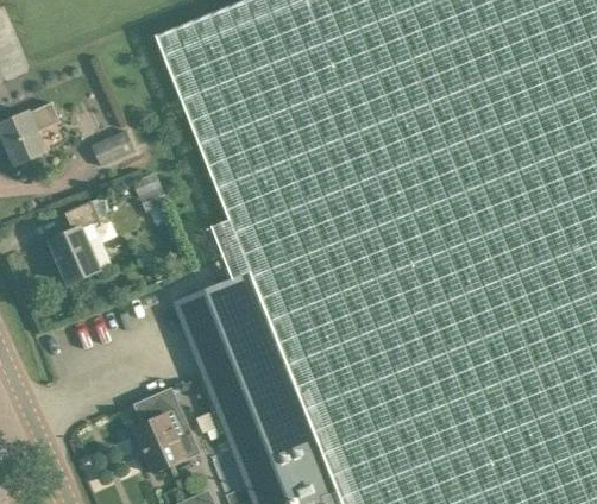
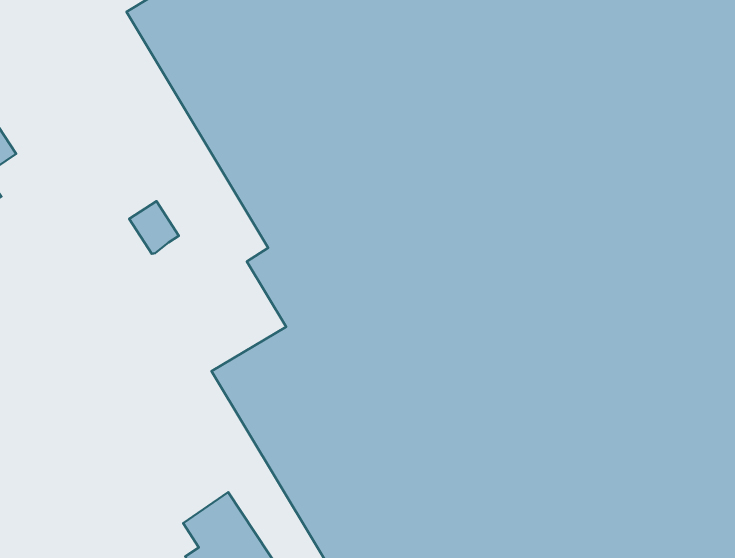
building: [93,131,137,166] -> none
building: [51,202,112,284] -> none

